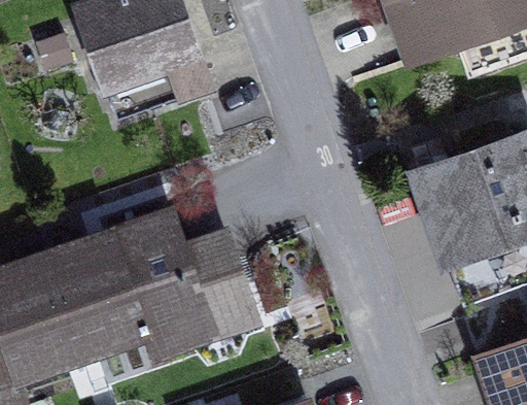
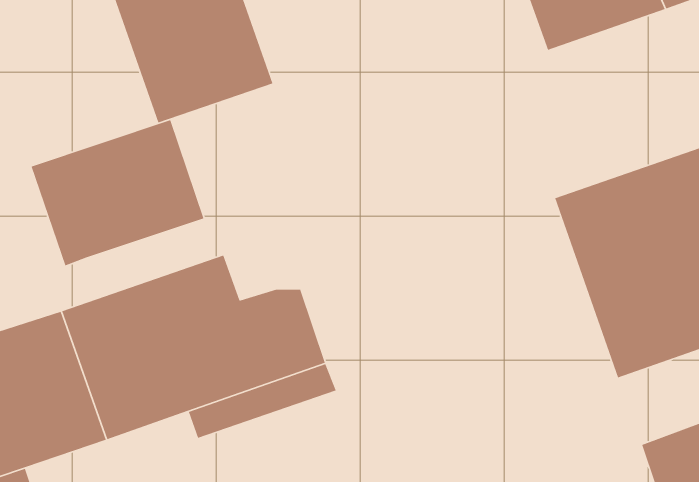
building: none -> [30,119,204,267]

